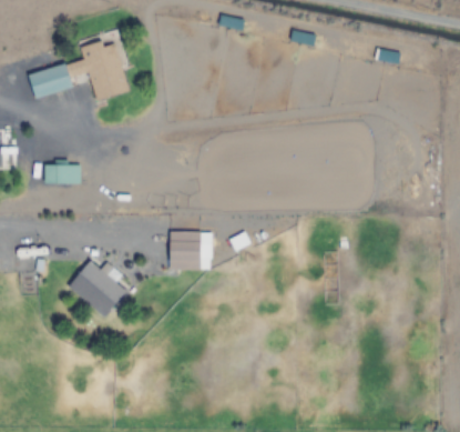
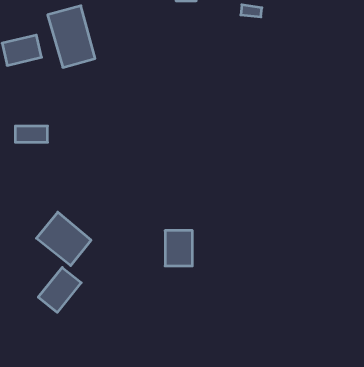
building: [171,231,201,270] -> [165,231,192,266]
building: none -> [38,267,81,312]

